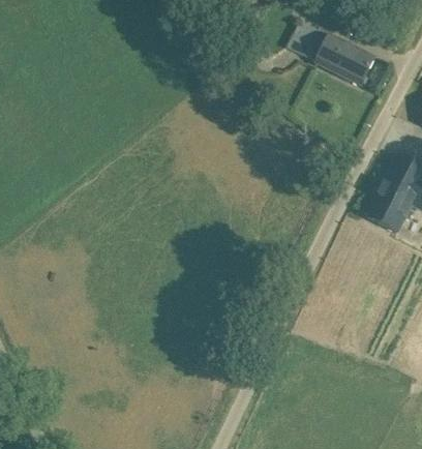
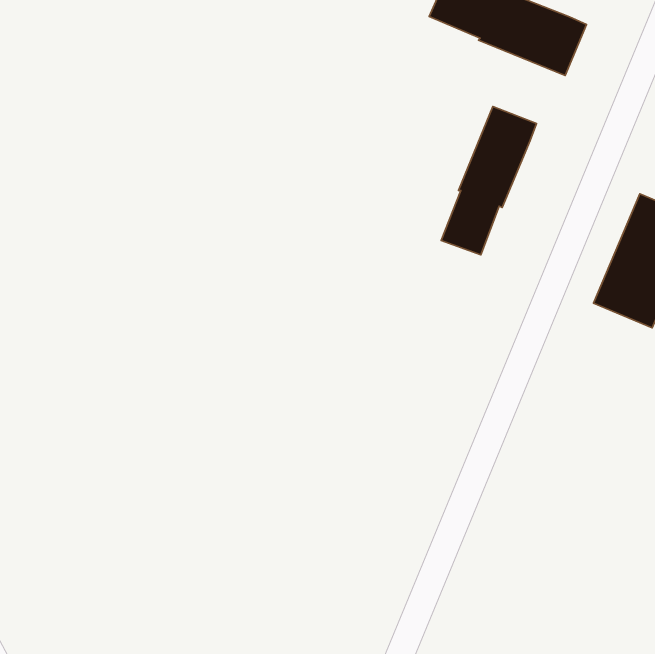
building: none -> [441,107,536,255]

